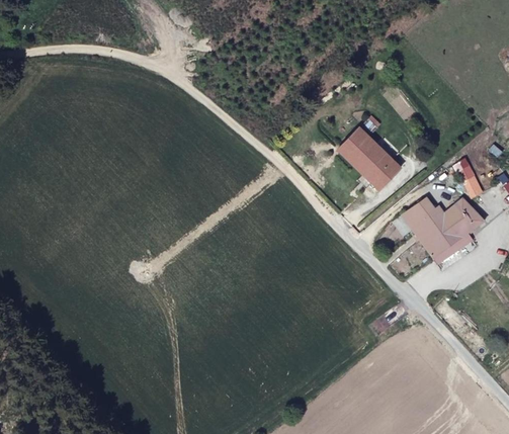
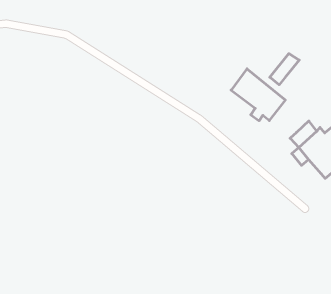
building: none -> [270,54,299,85]

